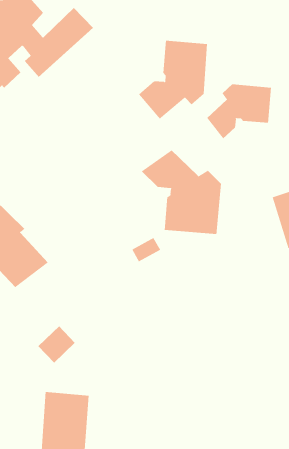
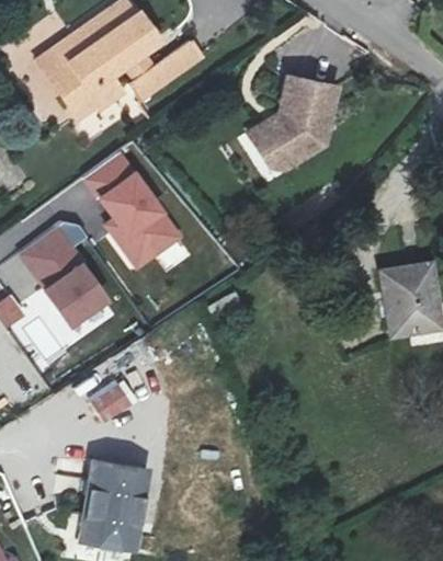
building: [206,84,271,139] -> none
building: none -> [90,158,192,278]
building: [141,150,222,235] -> none

